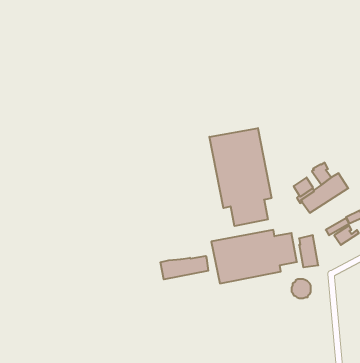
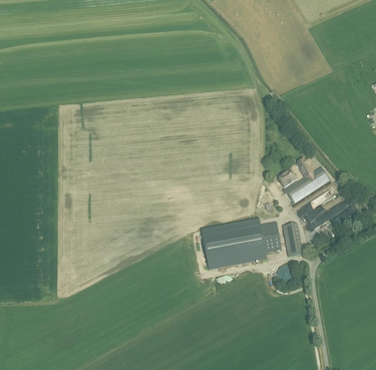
building: [209,128,271,226] -> none
building: [160,256,208,279] -> none

